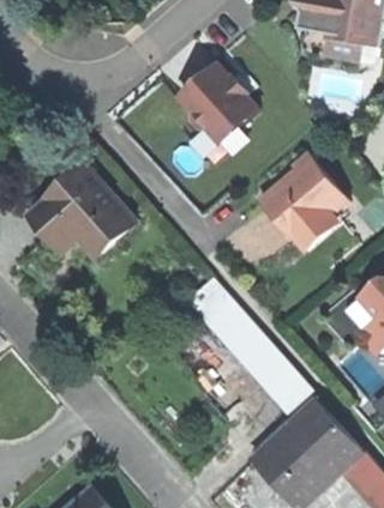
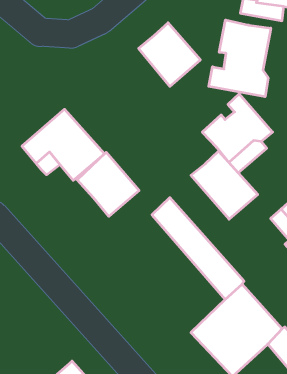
building: none -> [209,20,271,97]
building: none -> [191,151,258,219]
building: none -> [77,152,139,216]

